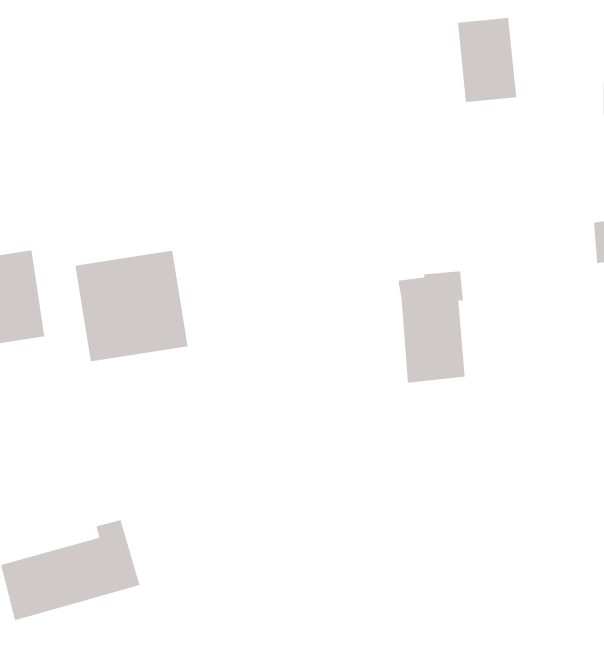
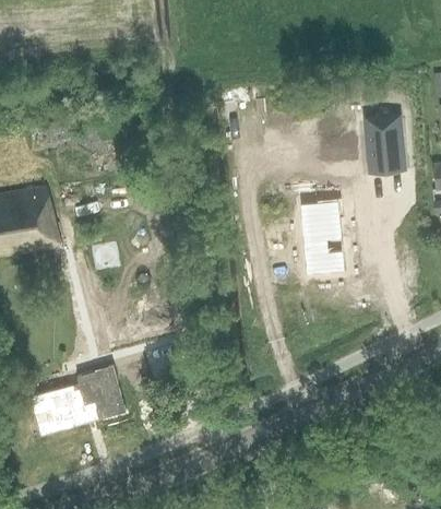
building: [457,17,517,103] -> [365,114,405,171]
building: [75,250,189,362] -> none

